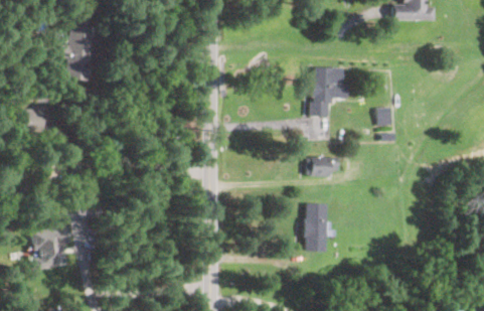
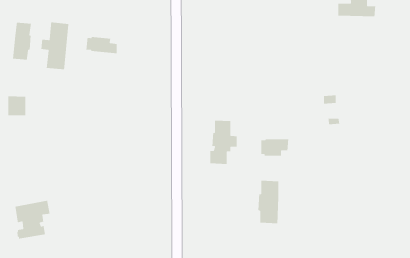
building: none -> [12,22,32,61]
building: none -> [86,36,118,54]
building: [310,66,341,117] -> [210,120,237,165]

